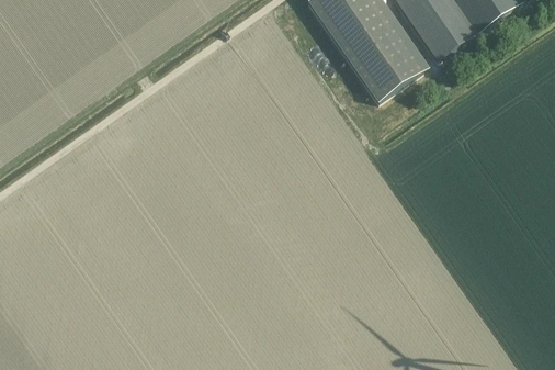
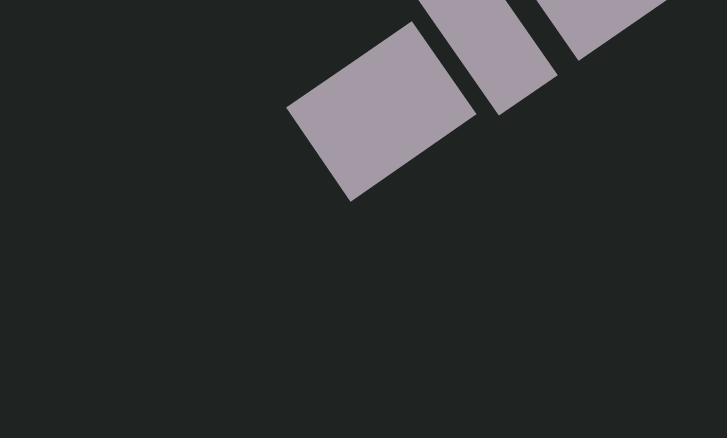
building: none -> [285,20,477,203]

